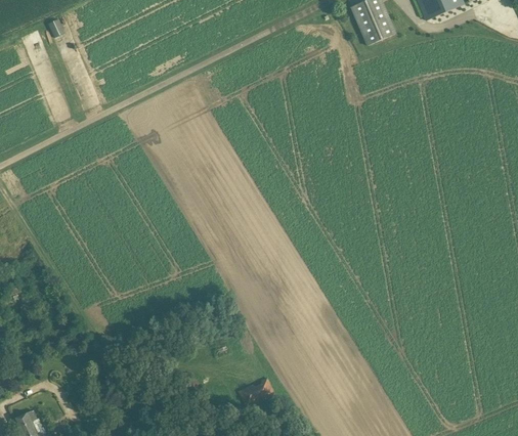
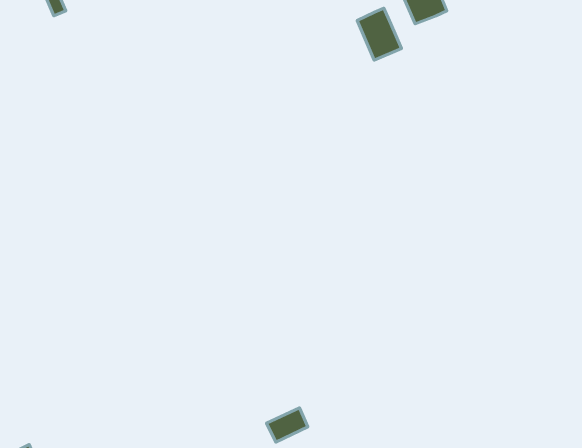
building: none -> [357,8,402,60]

